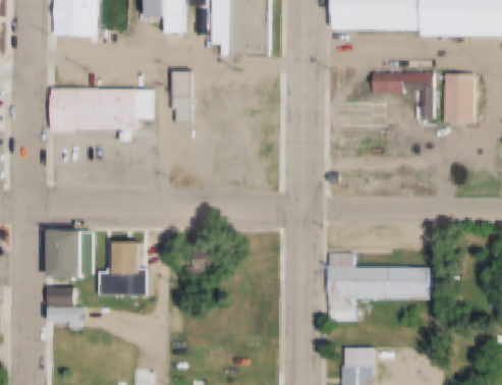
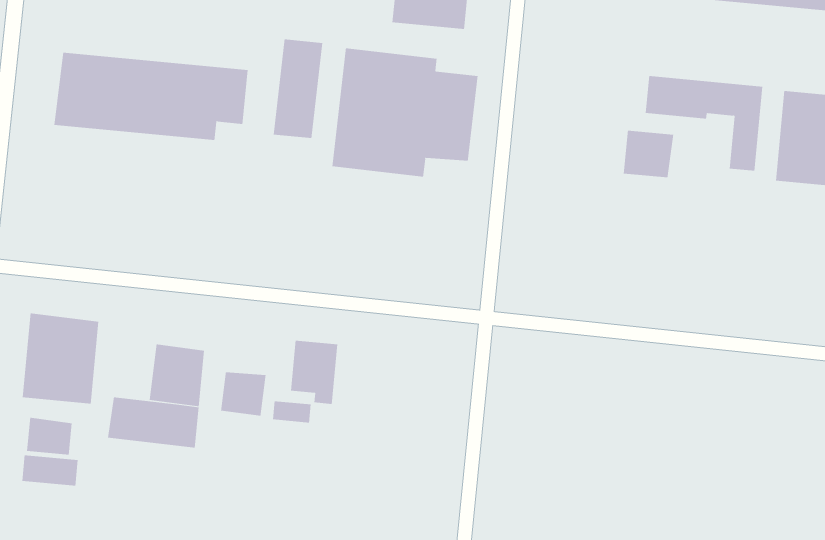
building: none -> [332,47,478,177]
building: none -> [623,130,674,178]
building: none -> [220,372,266,417]
building: [326,254,427,319] -> none

